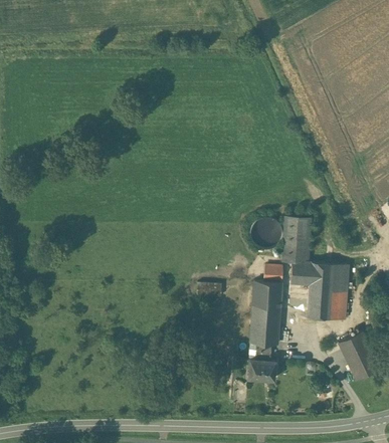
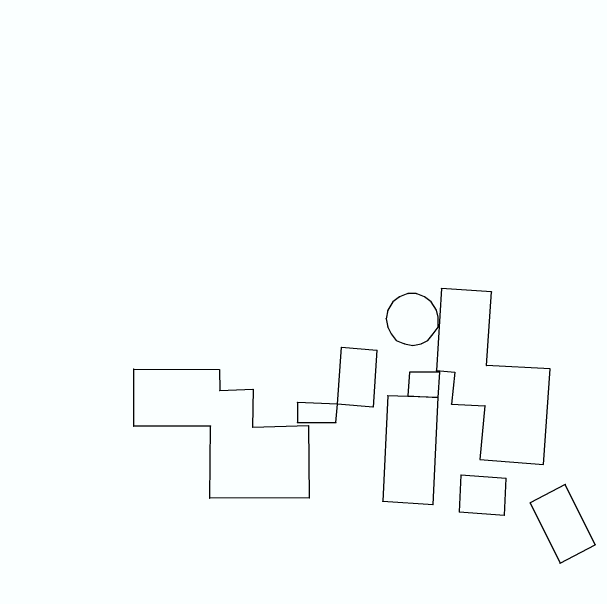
building: none -> [338,347,377,407]
building: none -> [134,369,309,498]
building: [248,358,276,382] -> [459,475,506,515]

